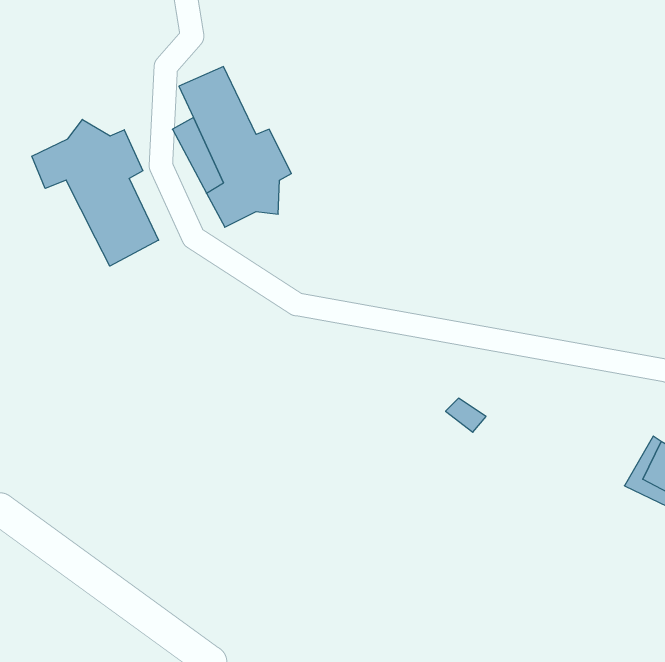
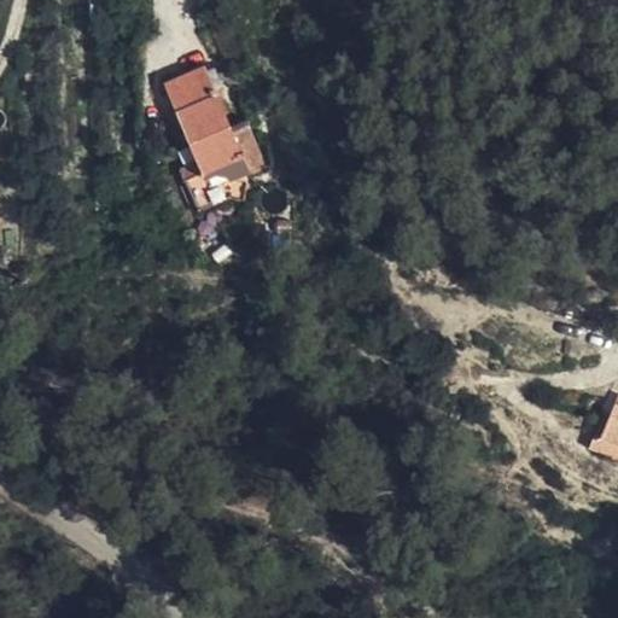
building: [32,119,159,266] -> none

